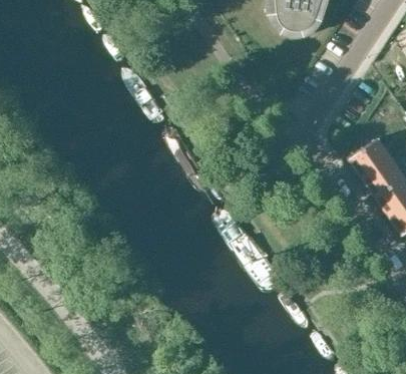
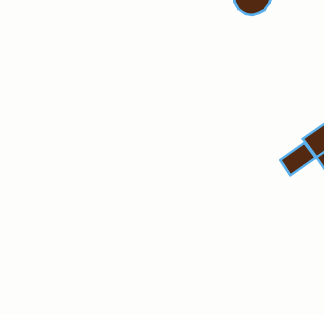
building: none -> [280,143,315,175]

